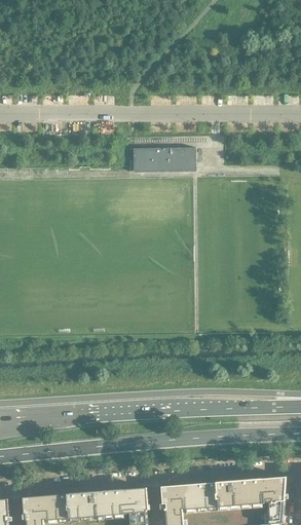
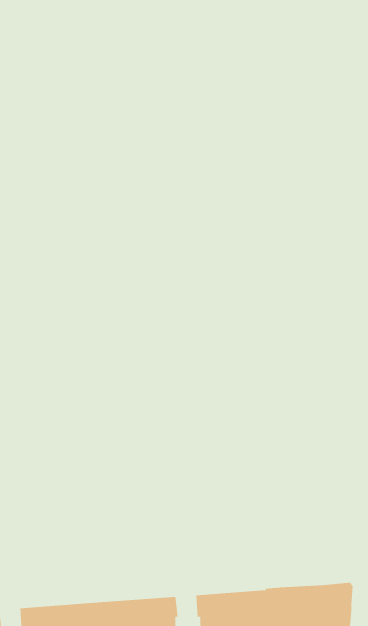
building: [133,149,195,174] -> none

